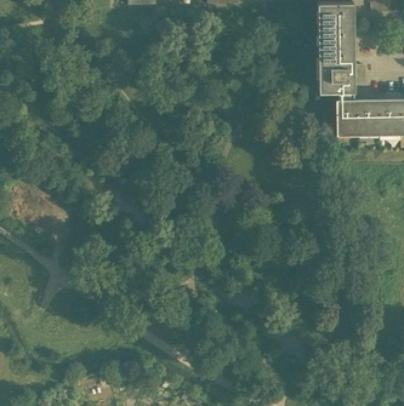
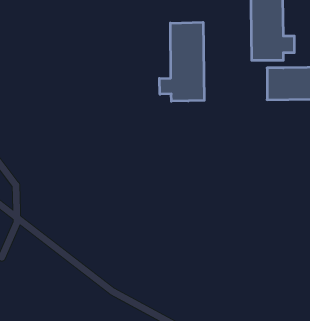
building: none -> [159,22,204,101]

